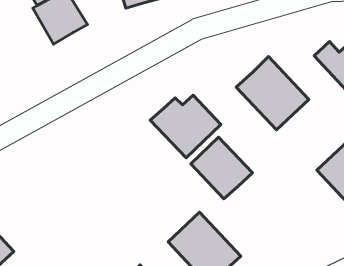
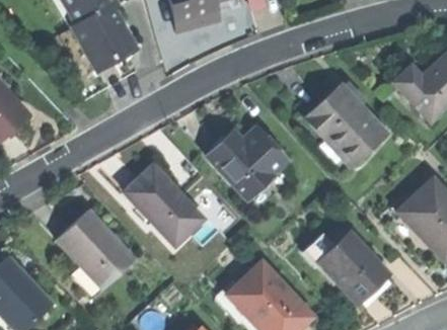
building: none -> [124,164,203,245]
building: [191,137,253,199] -> [318,232,388,302]
building: none -> [56,210,136,290]

